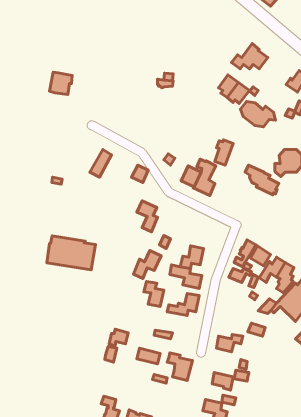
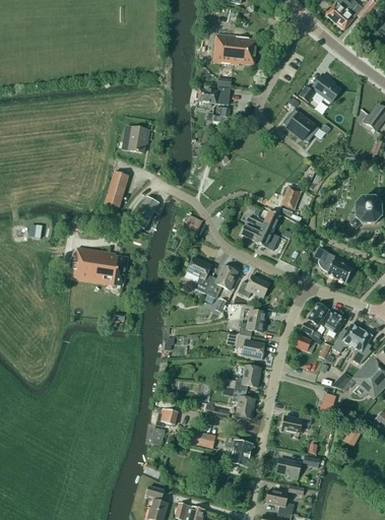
building: none -> [213,35,257,65]
building: none -> [195,86,231,105]
building: [50,72,72,95] -> [122,126,148,152]
building: [241,101,276,127] -> none
building: none -> [105,172,128,208]
building: [245,165,279,195] -> [313,248,352,282]
building: none -> [237,274,270,298]
building: [47,236,96,270] -> [71,247,128,286]
building: [133,251,161,278] -> [205,266,238,299]
building: [144,281,164,307] -> [232,389,255,418]

